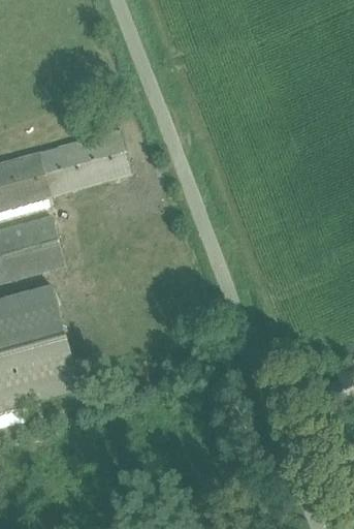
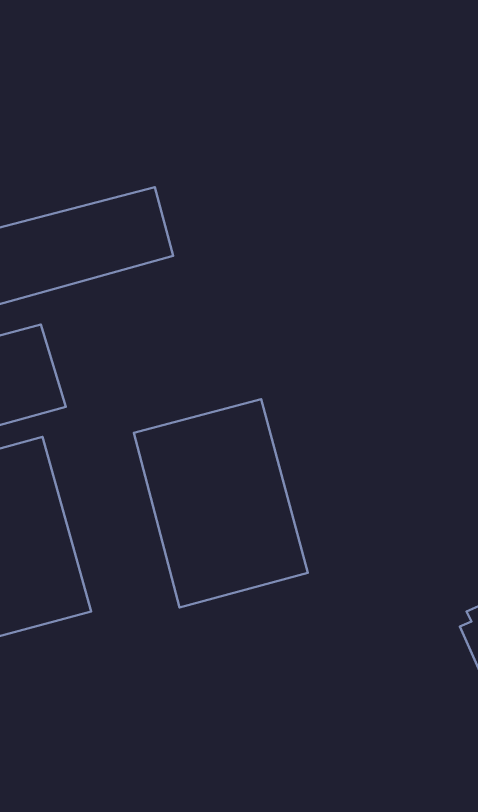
building: none -> [134,399,308,607]

